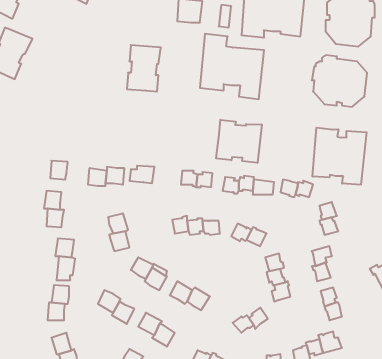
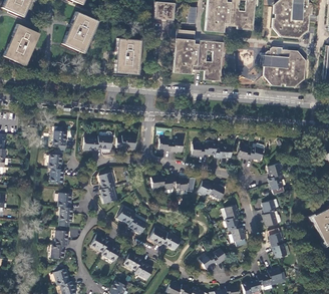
building: none -> [63,12,99,53]
building: [216,120,262,163] -> none
building: [313,128,367,185] -> none

